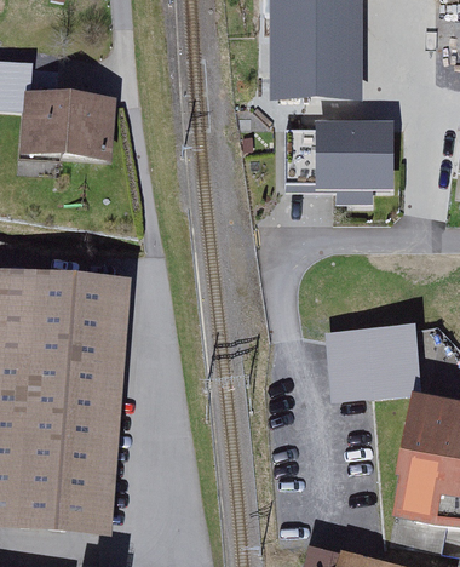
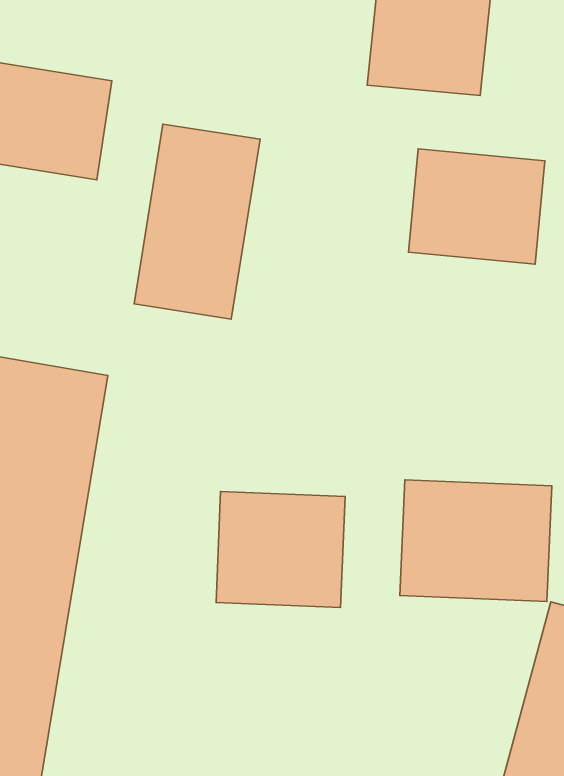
building: none -> [134,124,260,319]
building: none -> [216,491,345,607]

